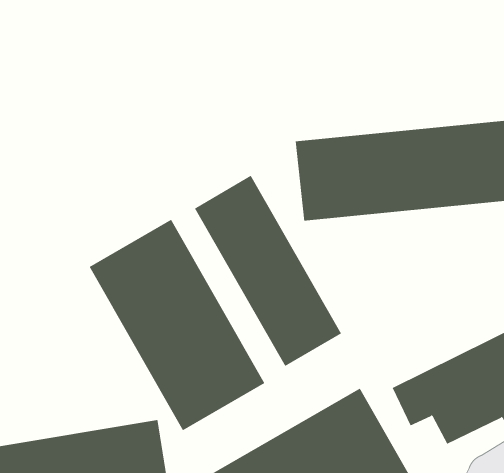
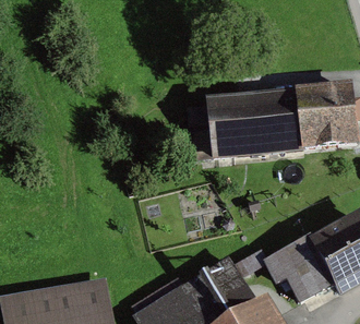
building: [194,175,342,367] -> none
building: [89,219,265,431] -> none

